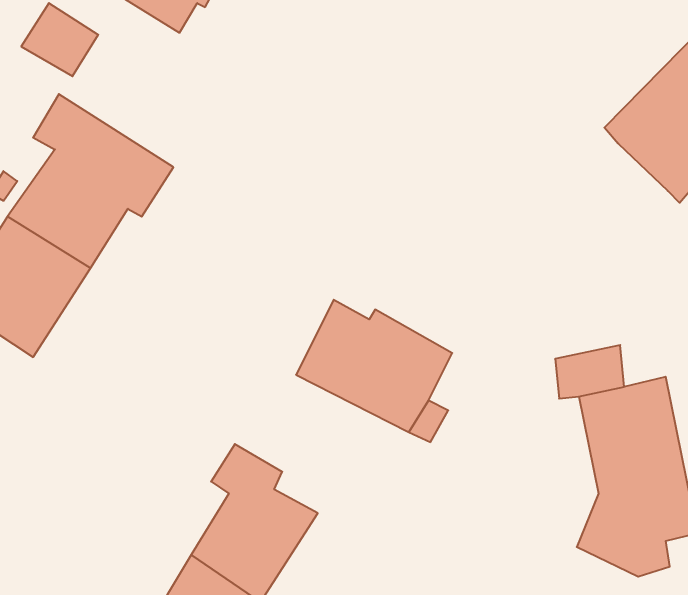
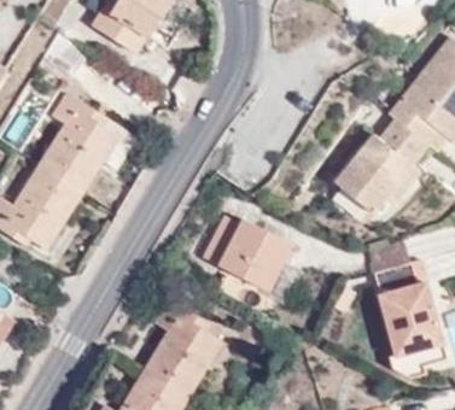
building: none -> [328,121,432,212]

